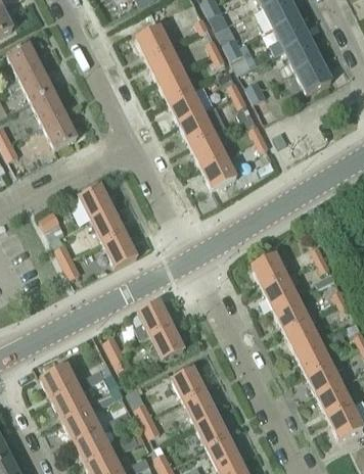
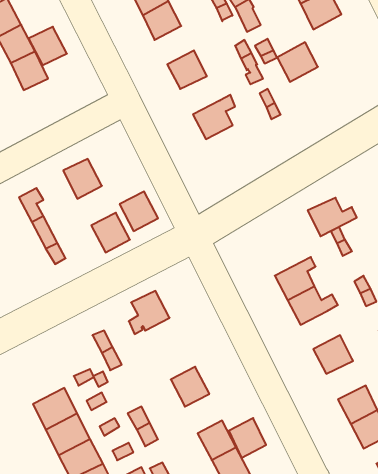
building: [297,58,332,93] -> [277,42,318,82]
building: [157,68,192,102] -> none
building: [180,112,215,146] -> none
building: [43,114,77,148] -> [28,27,67,65]
building: [202,155,236,189] -> none
building: [90,208,124,243] -> [120,191,158,231]
building: [252,253,294,287] -> [308,198,357,236]
building: [285,318,320,351] -> none
building: [149,324,183,360] -> none
building: [308,354,345,395] -> none
building: [40,364,79,399] -> none
building: [184,390,217,425] -> [229,418,266,458]

